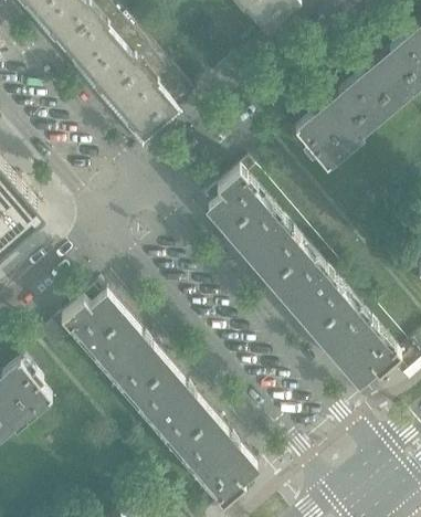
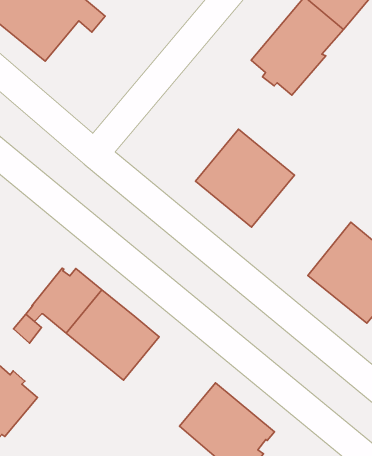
building: [110,73,194,143] -> none
building: [207,165,273,234] -> none
building: [270,244,359,336] -> none
building: [131,368,213,451] -> none

